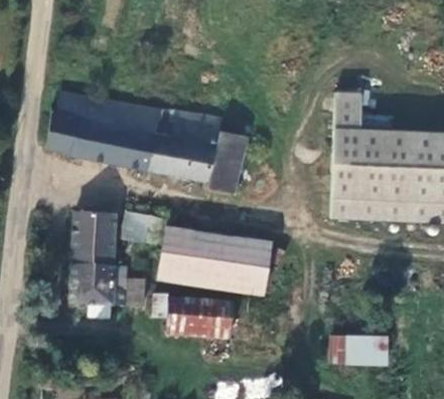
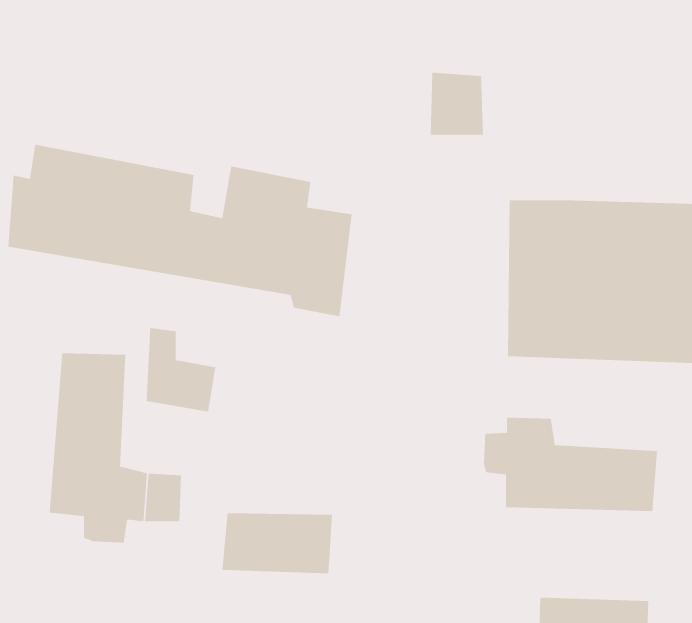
building: [326,90,356,126] -> [430,72,484,135]
building: [160,228,267,293] -> none
building: none -> [483,417,658,512]

